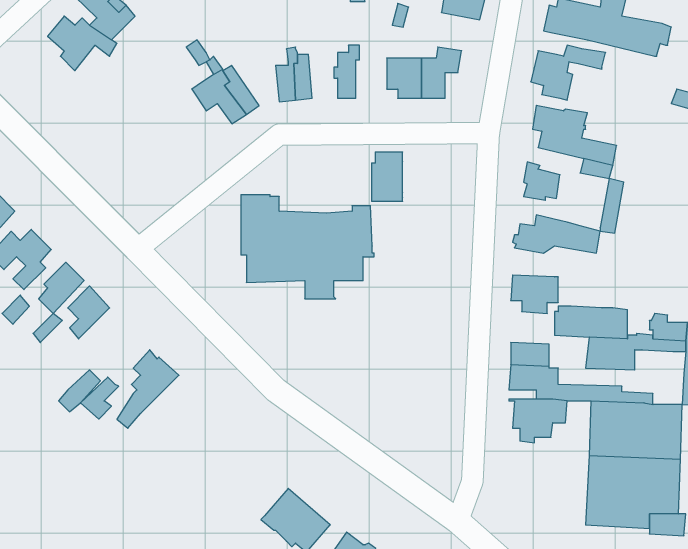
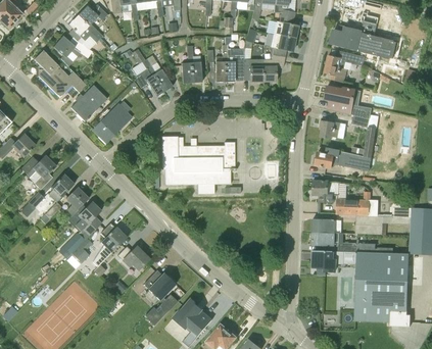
building: none -> [271,34,295,55]
building: none -> [34,50,86,97]
building: none -> [70,86,106,121]
building: none -> [93,103,132,141]
building: [372,152,403,201] -> [226,54,243,82]
building: none -> [67,199,101,236]
building: none -> [117,246,148,269]
building: none -> [144,270,178,326]

